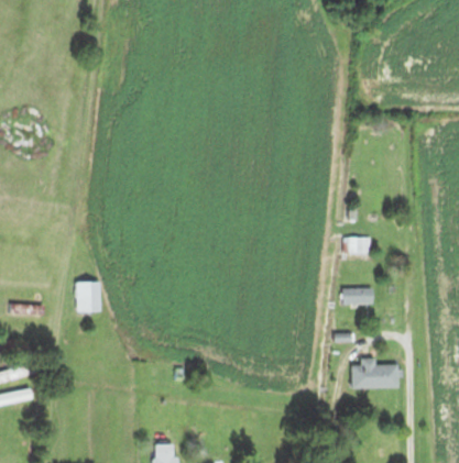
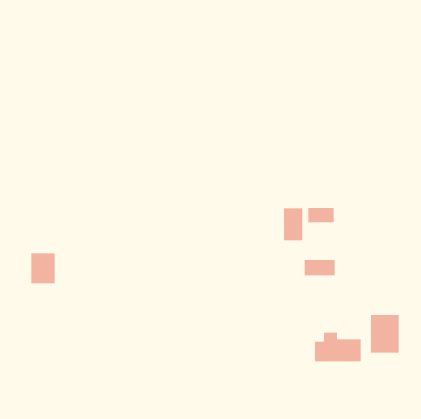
building: none -> [283,208,303,241]
building: none -> [370,314,399,353]

